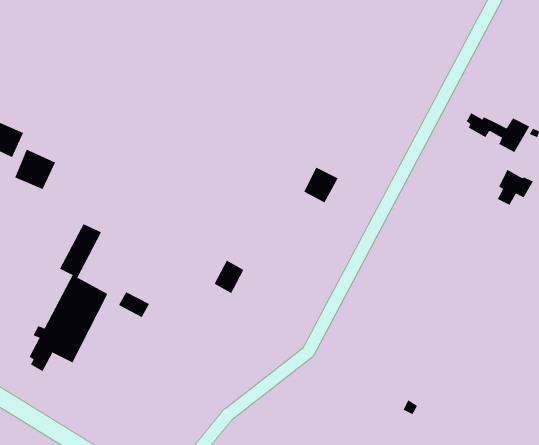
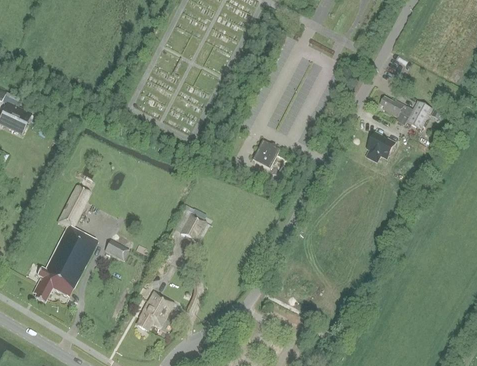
building: [14,149,56,190] -> none
building: [497,169,534,206] -> [367,132,396,161]
building: none -> [137,292,172,330]

